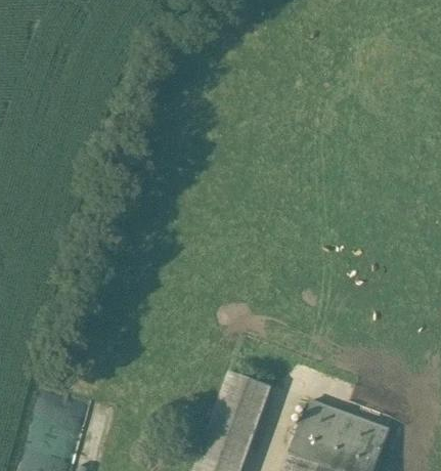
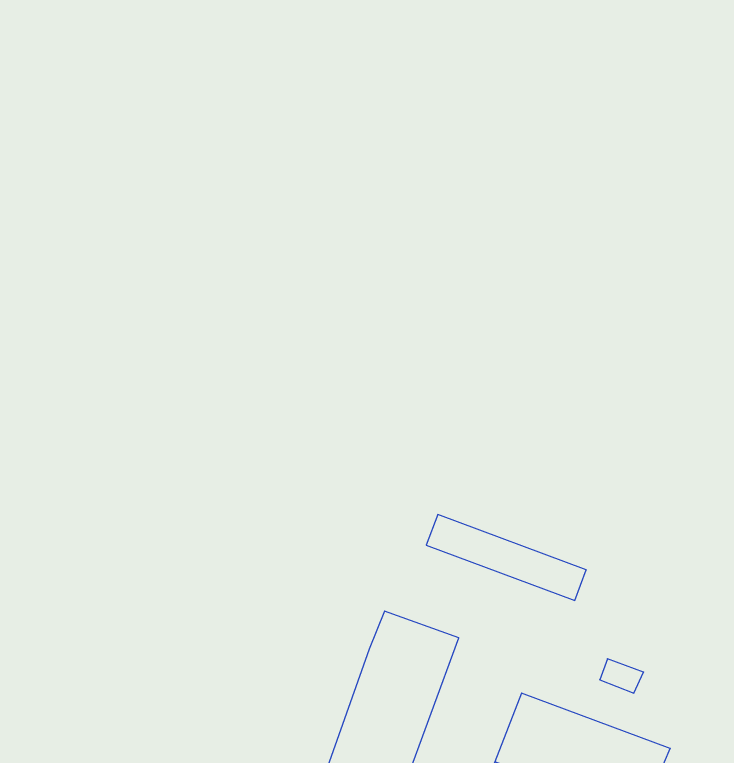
building: [303,402,389,448] -> [426,515,586,600]

